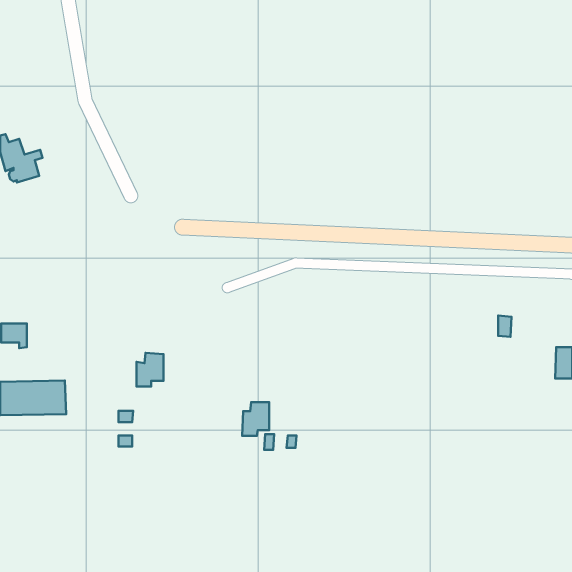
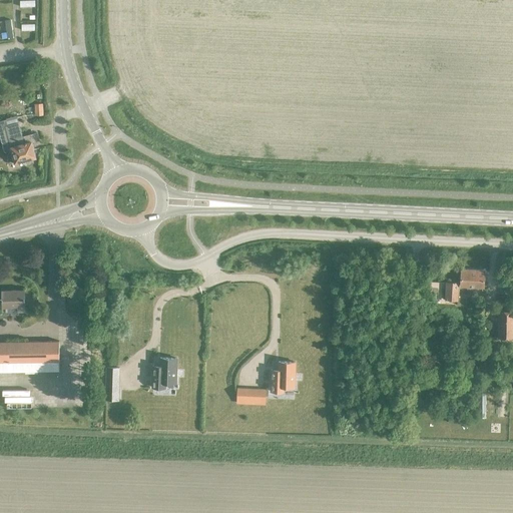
building: none -> [461,270,484,288]
building: [137,353,163,387] -> [152,358,176,388]
building: [242,402,269,436] -> [271,362,295,392]

